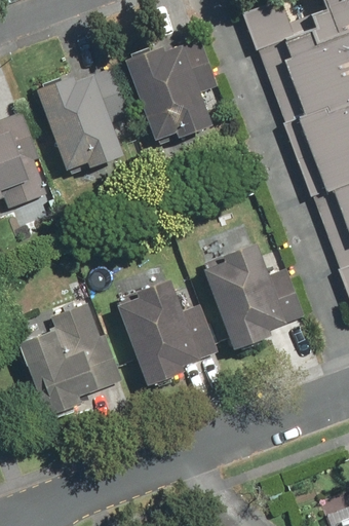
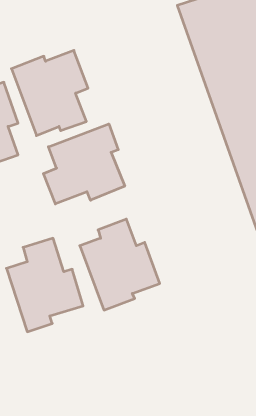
building: [125,38,217,141] -> none
building: none -> [43,124,125,204]
building: [206,240,302,350] -> none

